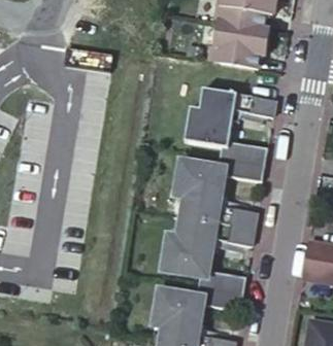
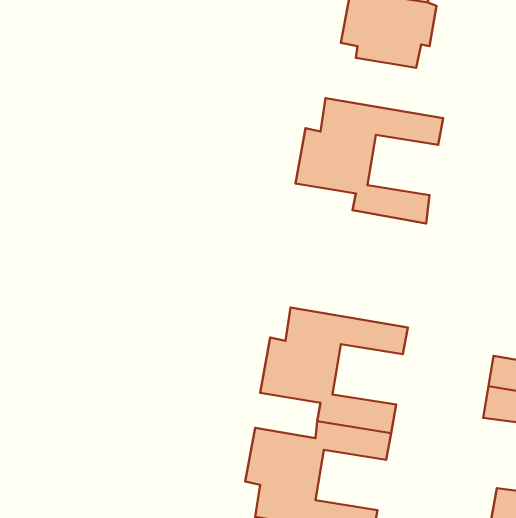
building: [174,157,264,229] -> none

